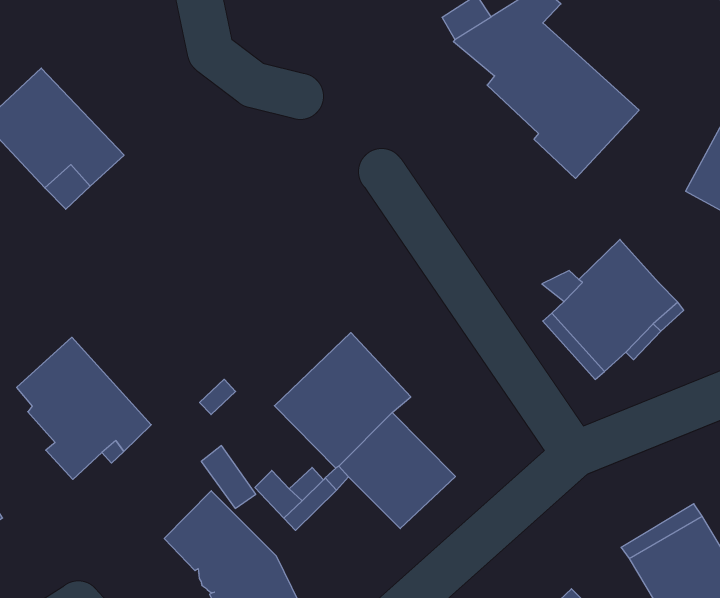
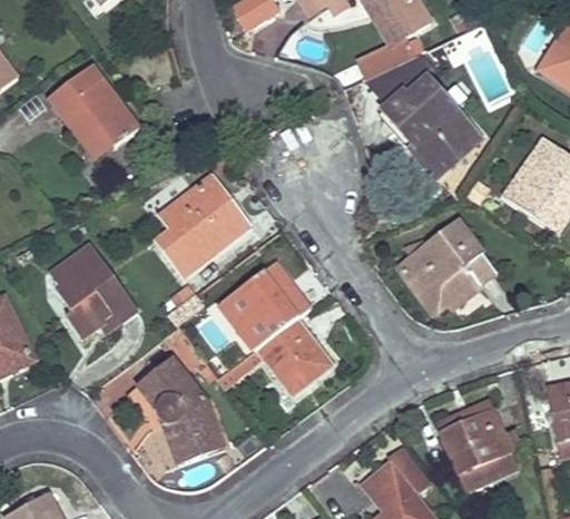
building: none -> [157,177,246,276]

